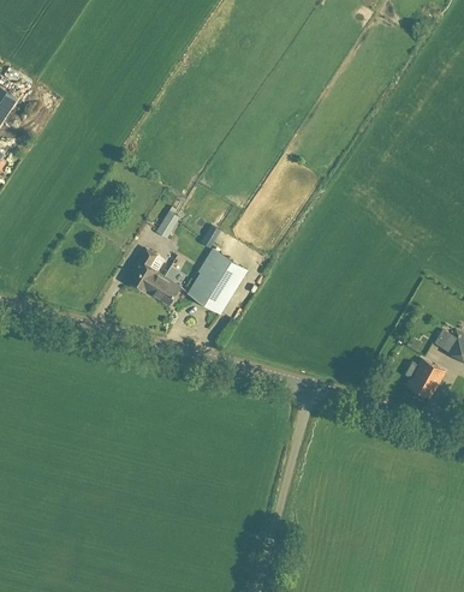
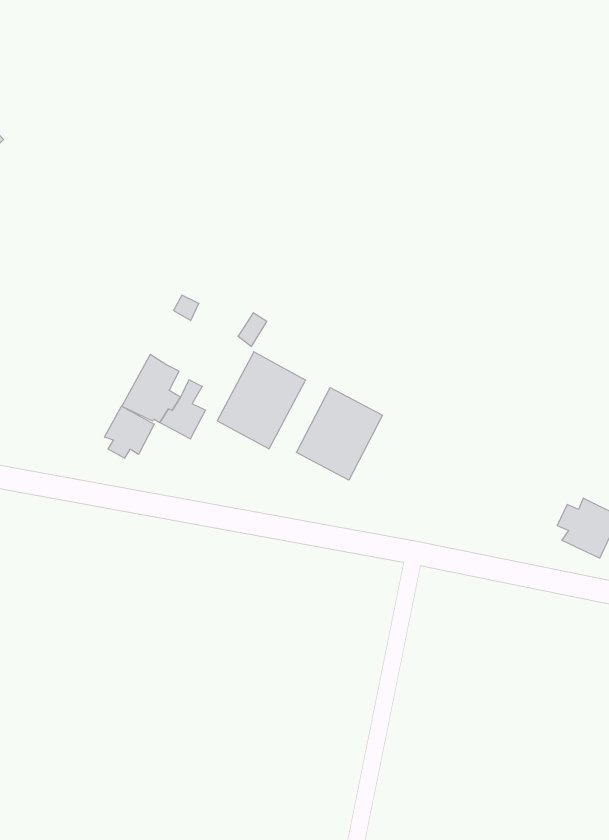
building: none -> [296,388,382,480]
building: none -> [105,406,154,458]

